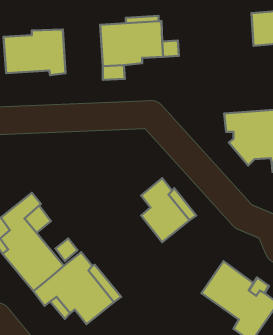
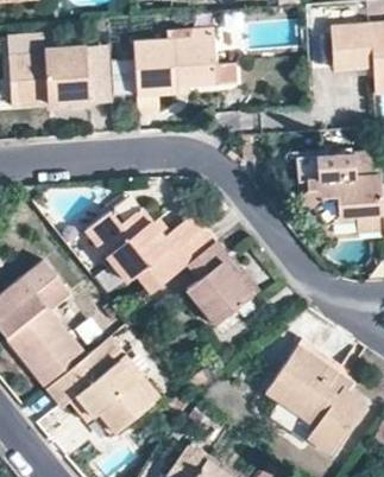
building: none -> [86,44,113,103]
building: none -> [86,206,215,291]

